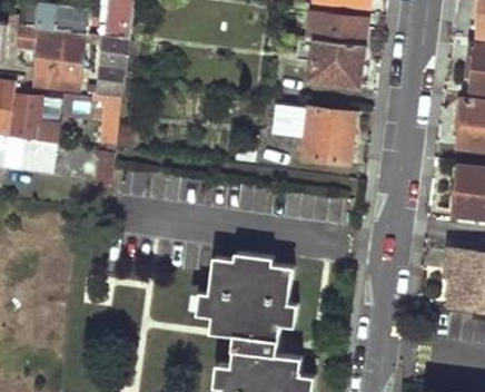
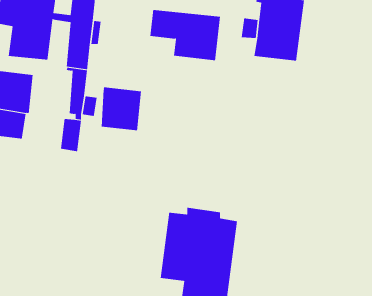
building: [275,106,355,164] -> [150,10,221,61]
building: none -> [101,87,141,131]

